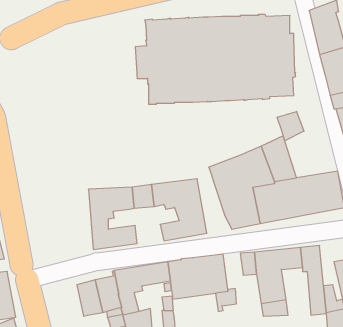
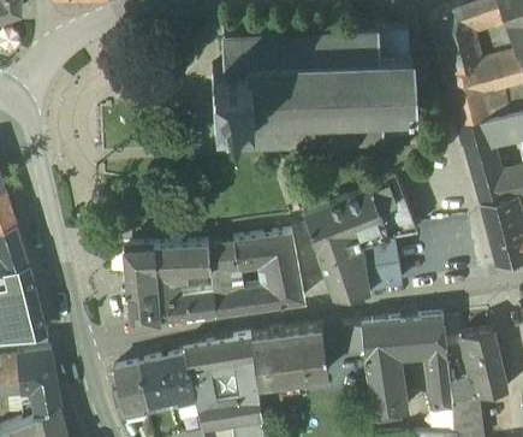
building: [277,111,304,141] -> none
building: none -> [121,246,159,326]
building: none -> [210,267,248,315]
building: none -> [114,366,147,412]

